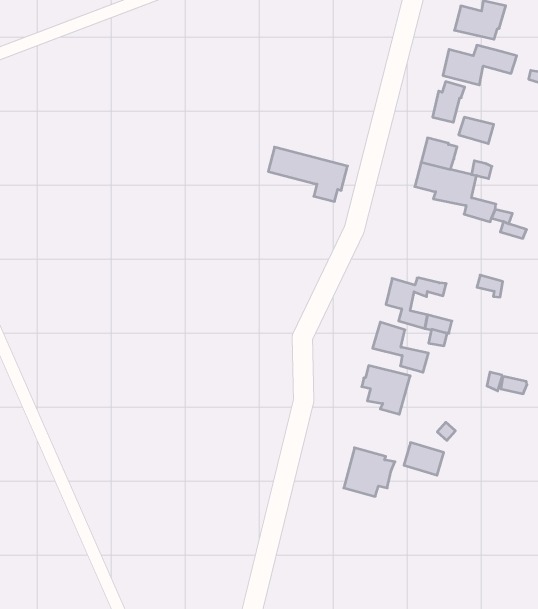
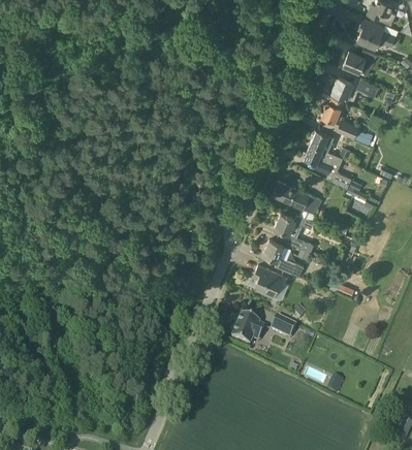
building: [268,147,348,201] -> [272,181,321,220]

